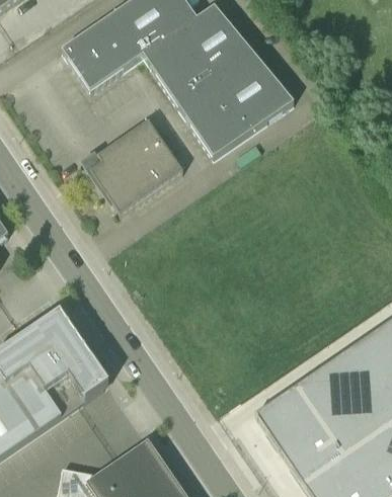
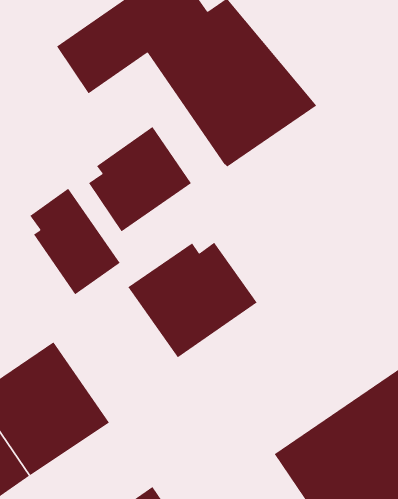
building: none -> [30,188,120,295]
building: none -> [128,242,258,358]

